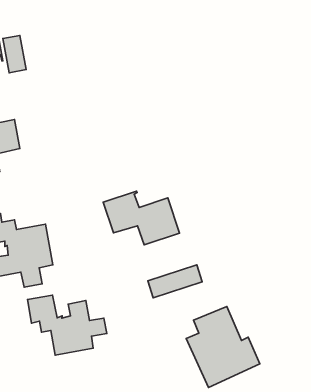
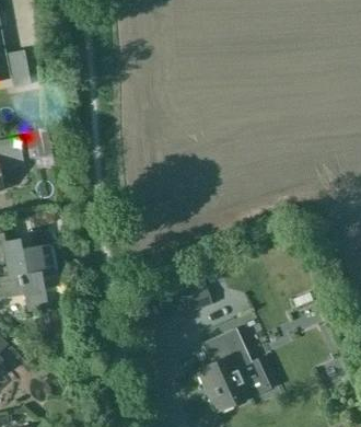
building: [103,191,179,245] -> none
building: [27,295,107,355] -> none

